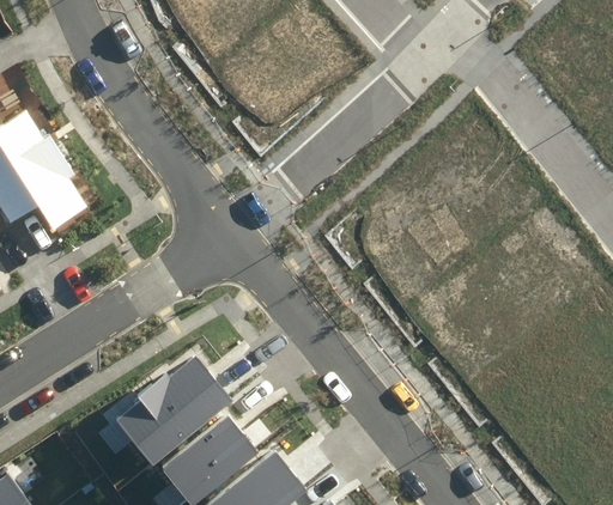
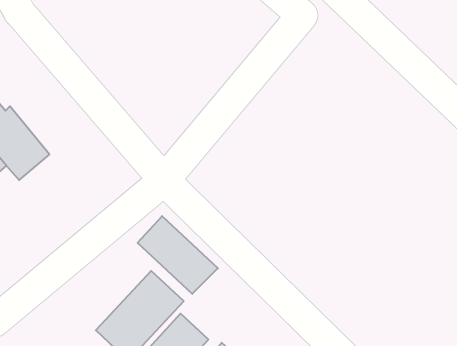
building: none -> [138,216,218,294]

